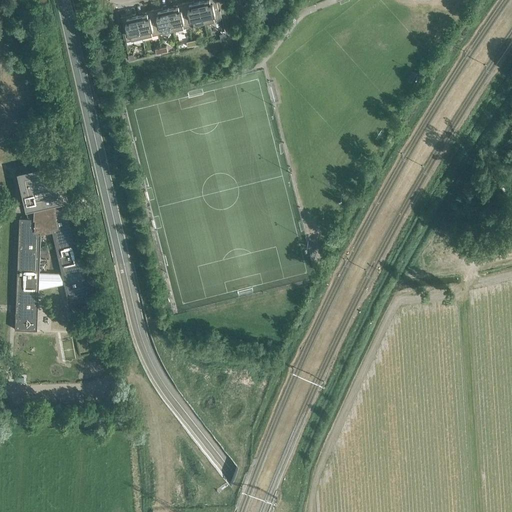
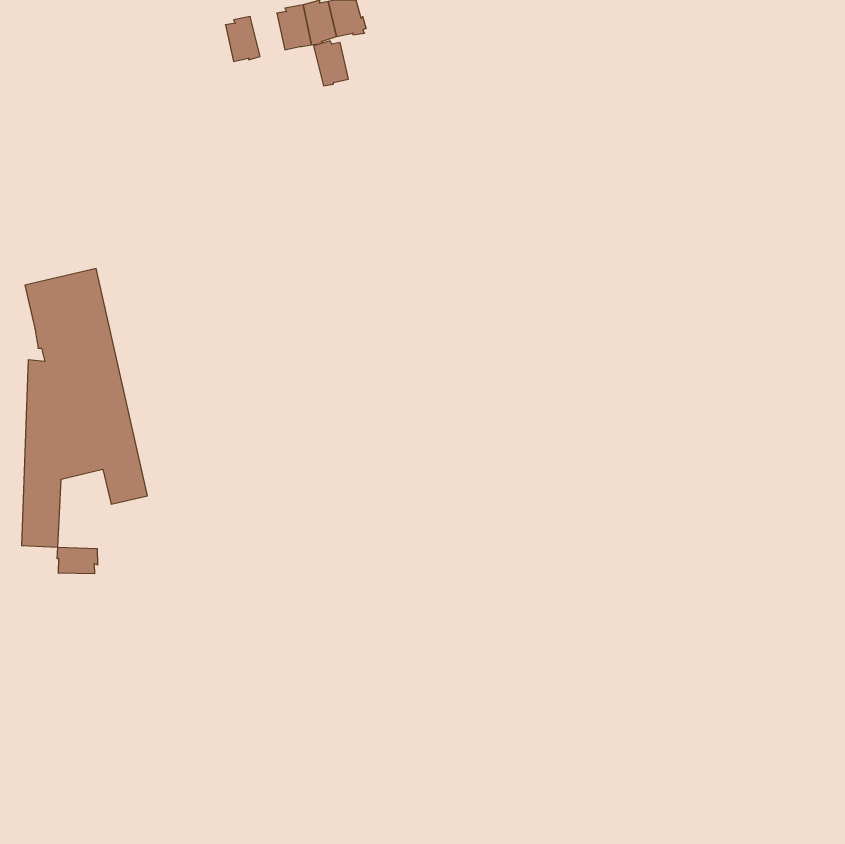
building: [151,9,172,36] -> [314,41,348,86]
building: [120,17,141,43] -> none
building: none -> [57,547,98,574]

